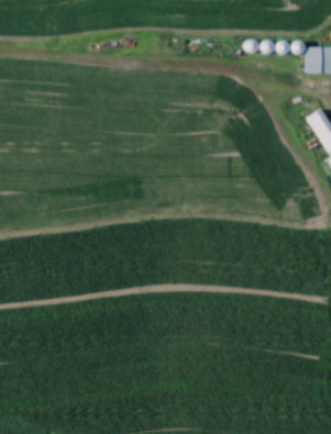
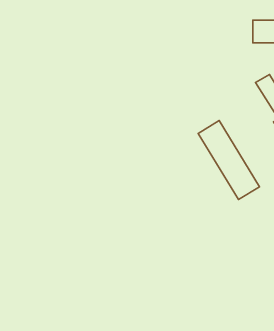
building: none -> [198,120,260,200]

